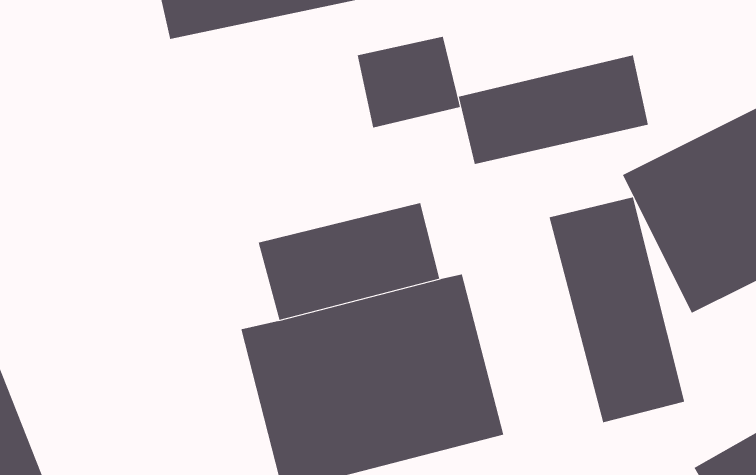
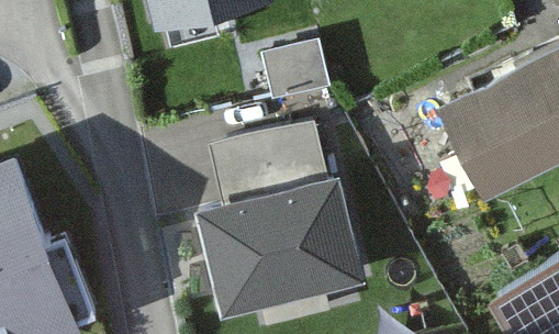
building: [458,54,648,165] -> none
building: [549,197,685,423] -> none

